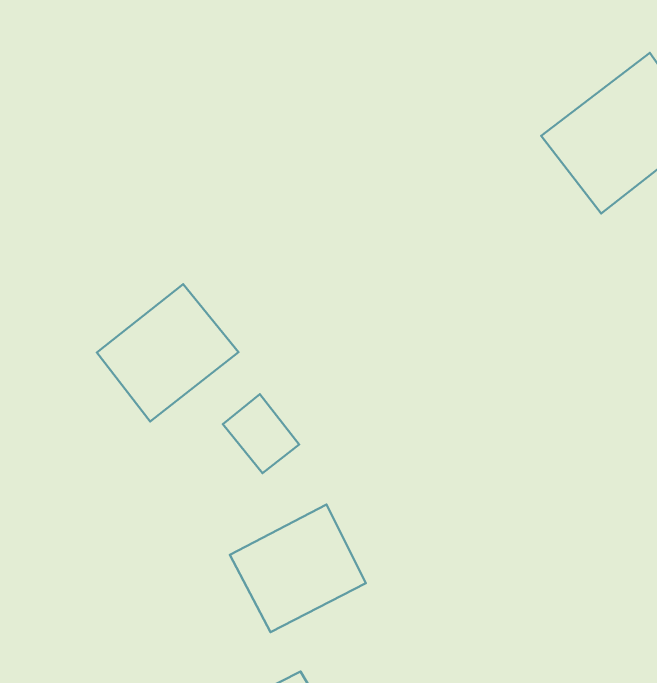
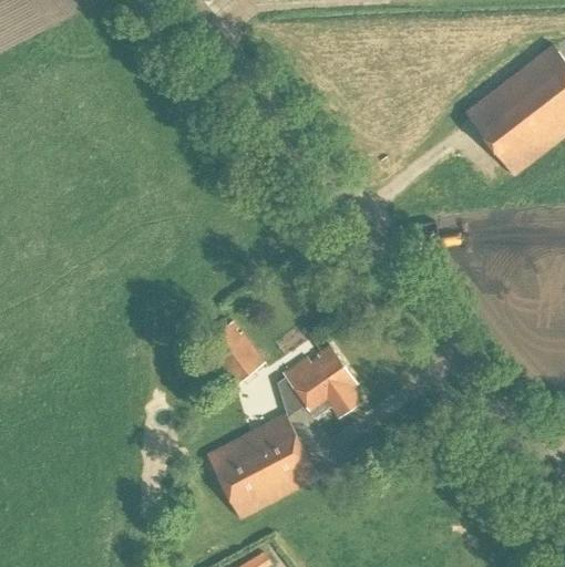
building: [97,284,239,422] -> none
building: none -> [285,346,363,419]

